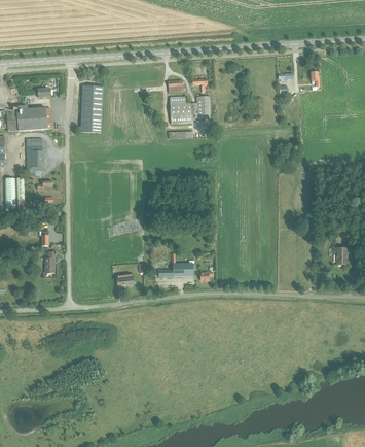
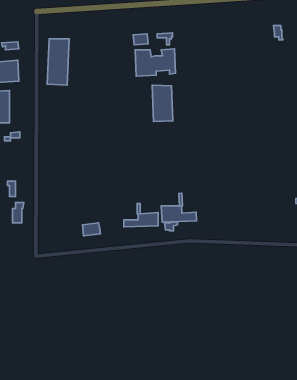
building: none -> [152,85,173,122]
building: none -> [161,193,196,222]

